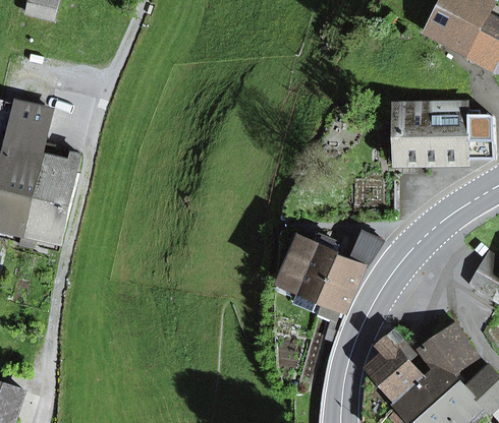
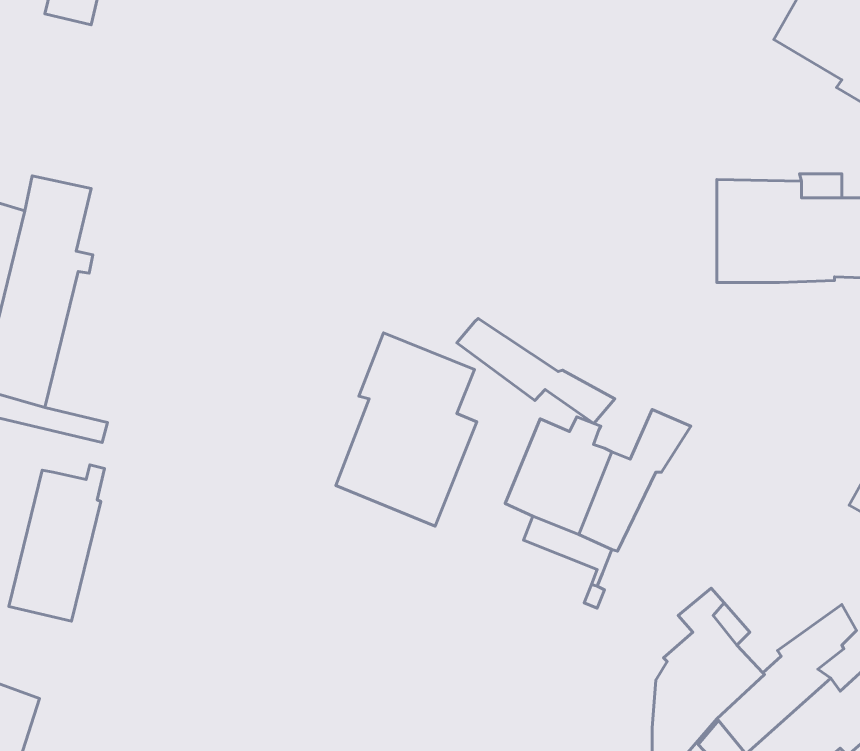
building: [25,152,78,238] -> [9,465,105,621]
building: none -> [457,319,615,423]
building: none -> [336,333,477,526]
building: [419,320,466,364] -> none

